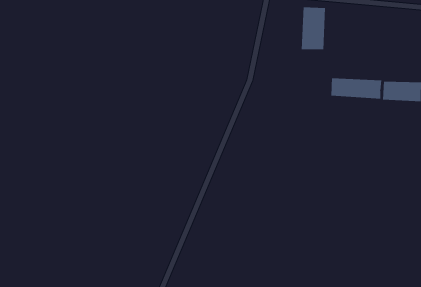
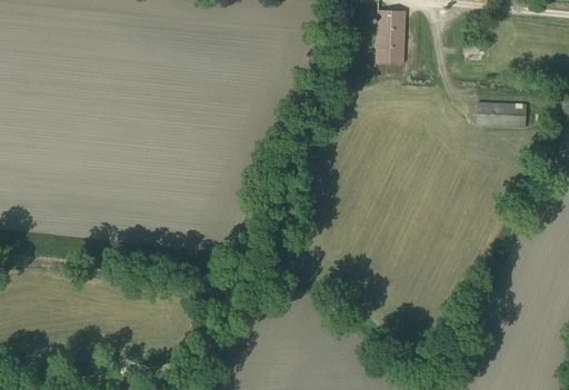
building: [331,78,382,99] -> none

